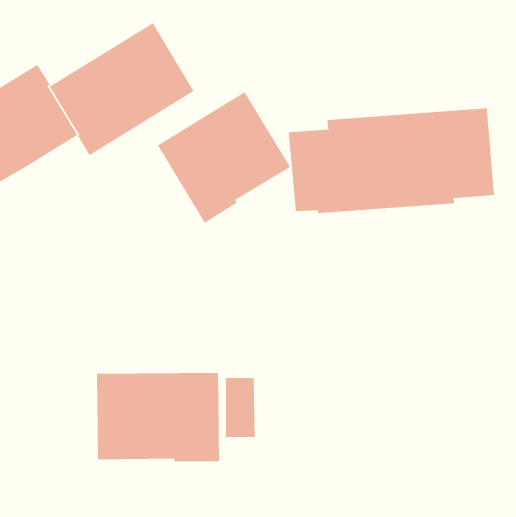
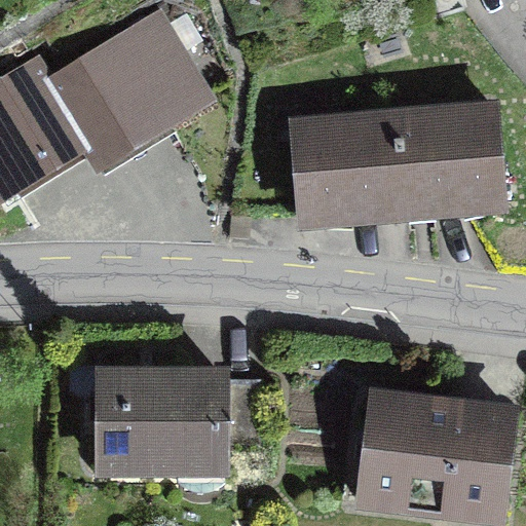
building: [157,91,291,224] -> none
building: none -> [359,398,512,513]

